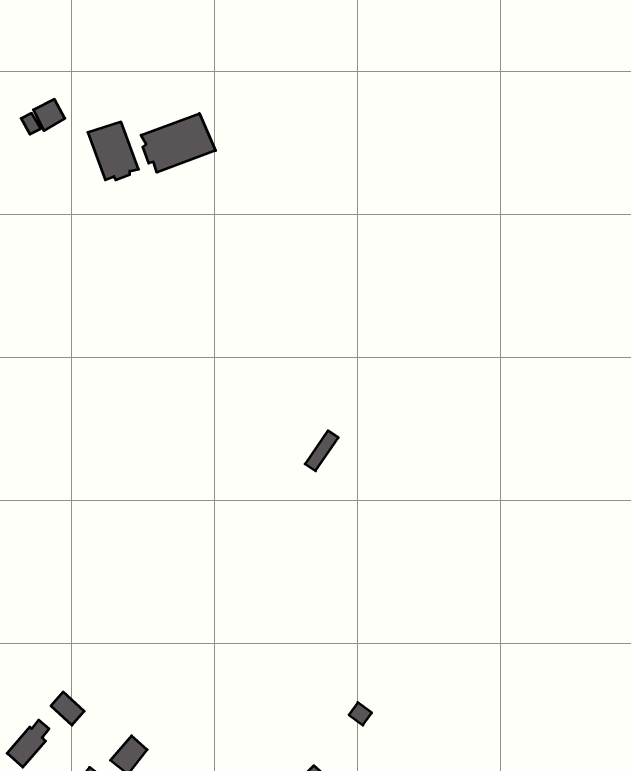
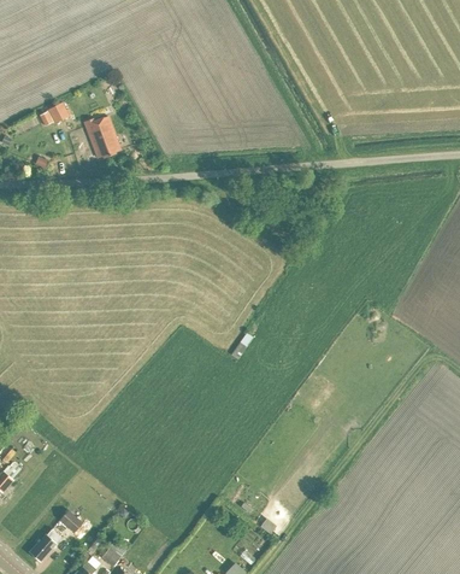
building: [141,113,216,172] -> none

